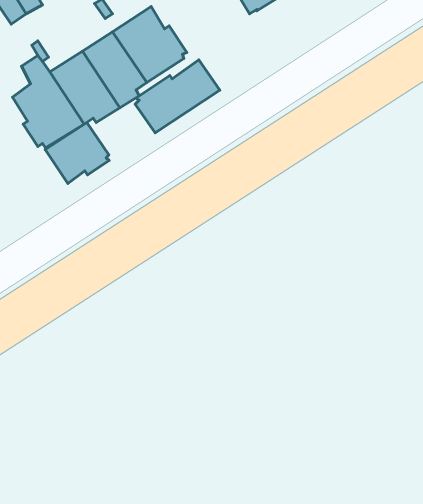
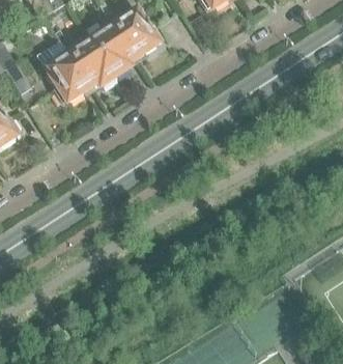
building: [135,60,220,133] -> none
building: [45,122,109,183] -> none

